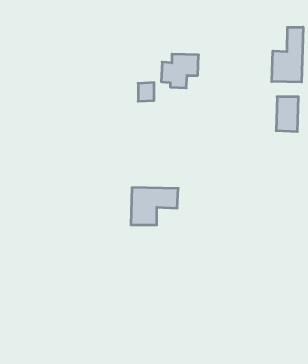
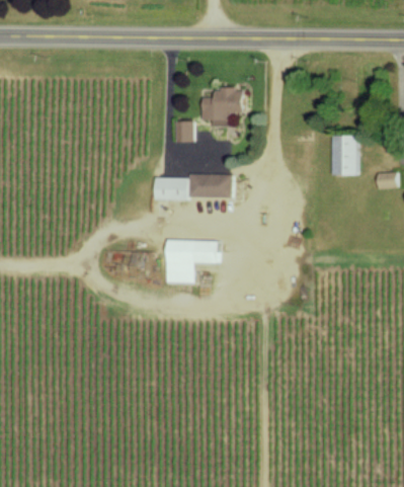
building: [272,27,303,82] -> none
building: none -> [154,174,232,198]

